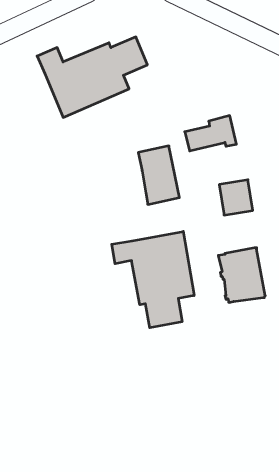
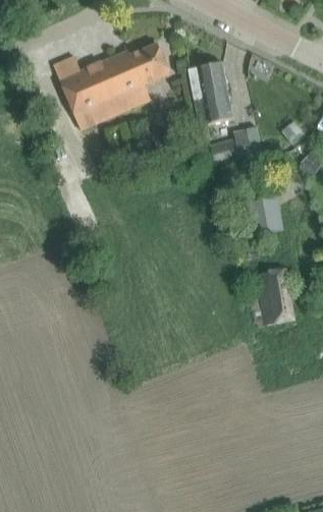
building: [138,146,179,204] -> [190,62,233,124]
building: [112,231,194,328] -> none

